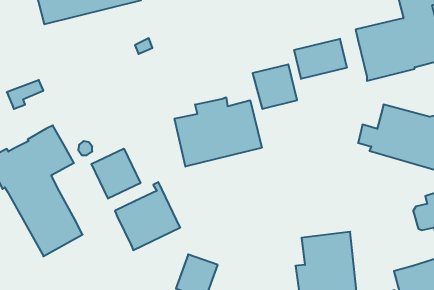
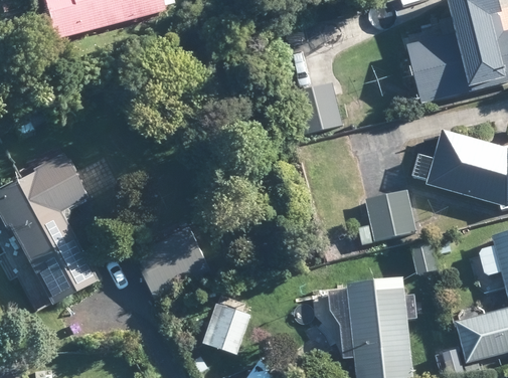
building: [294,39,347,79] -> none
building: [175,97,262,167] -> none
building: [91,149,140,199] -> none
building: none -> [357,192,415,245]

